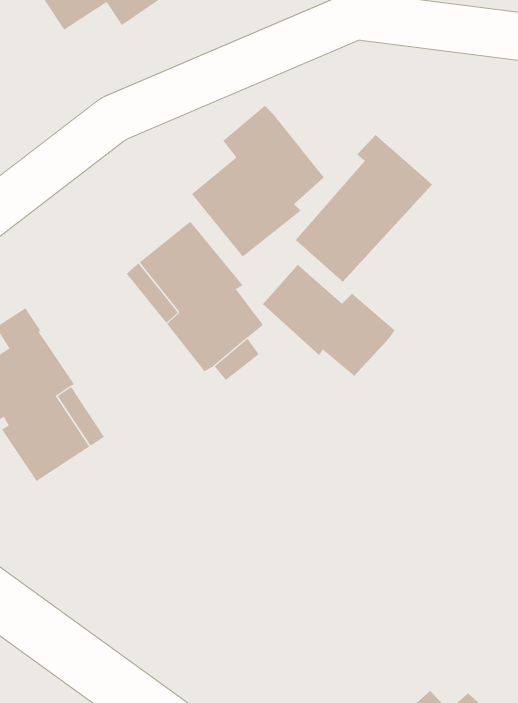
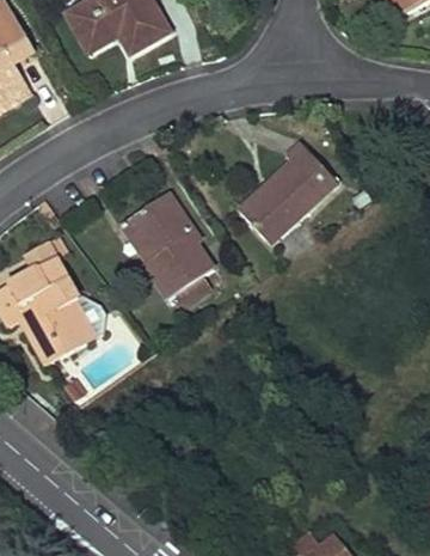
building: [191,105,325,257] -> none
building: [262,264,395,377] -> none

